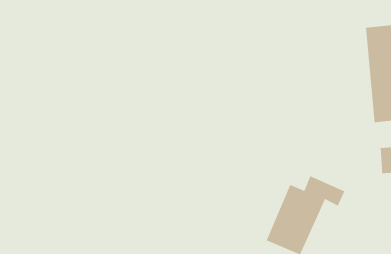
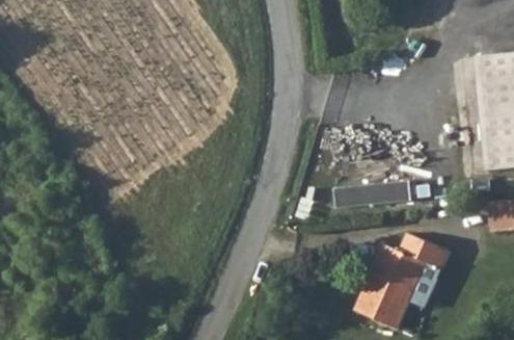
building: none -> [342,180,420,206]

